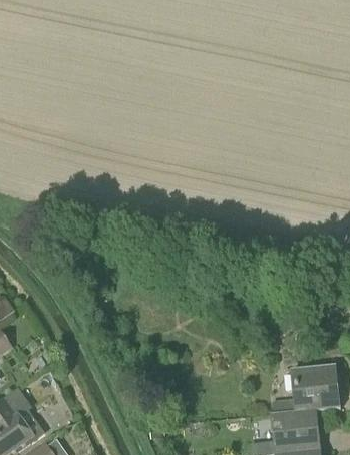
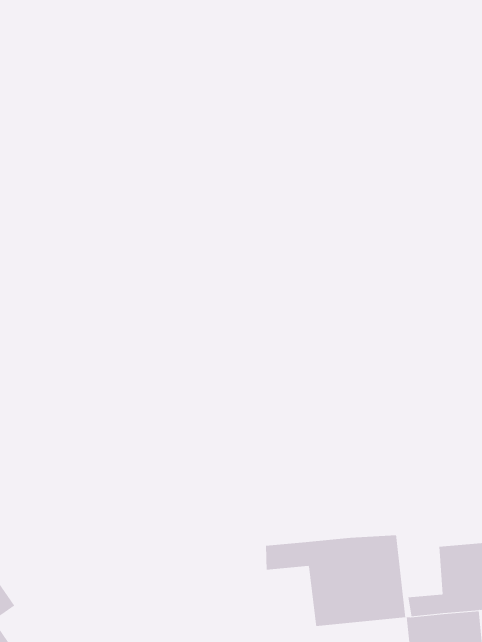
building: none -> [266,534,406,627]

